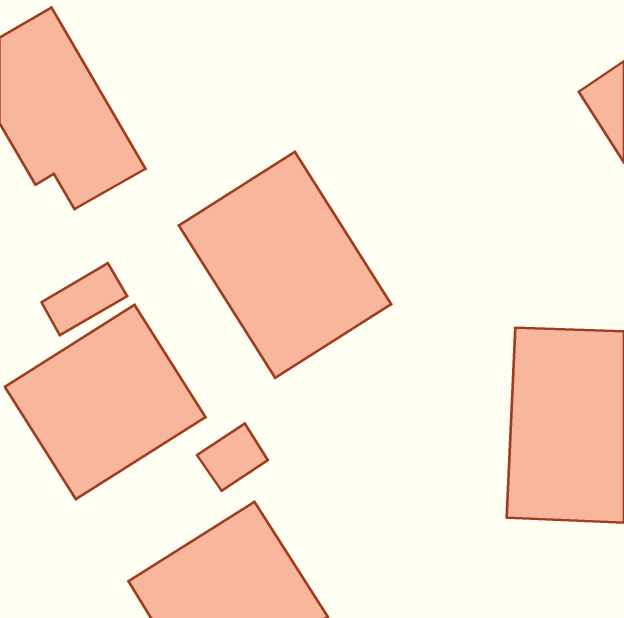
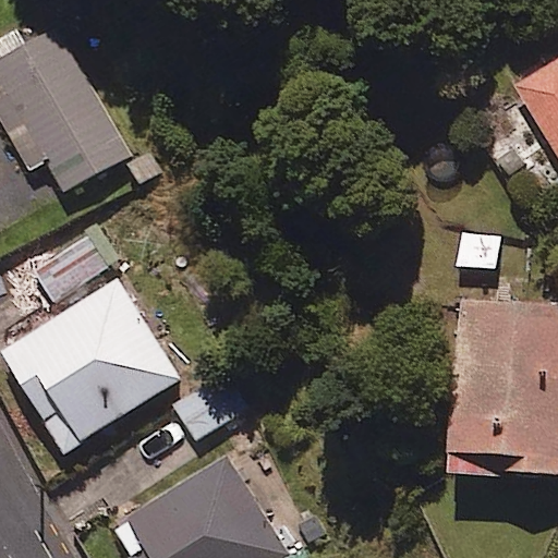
building: [179,152,391,378] -> none

